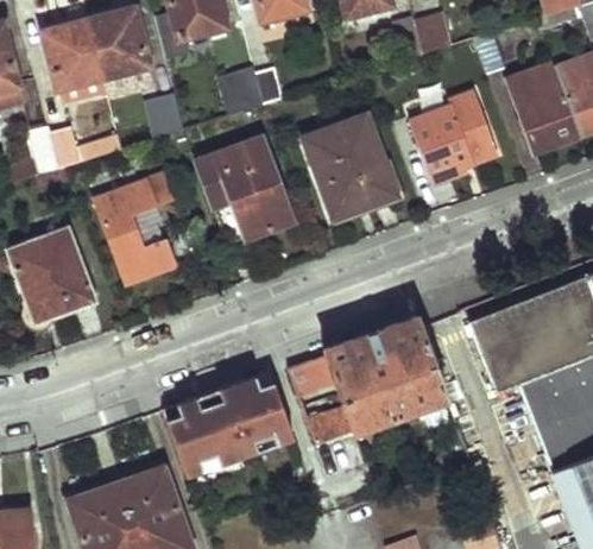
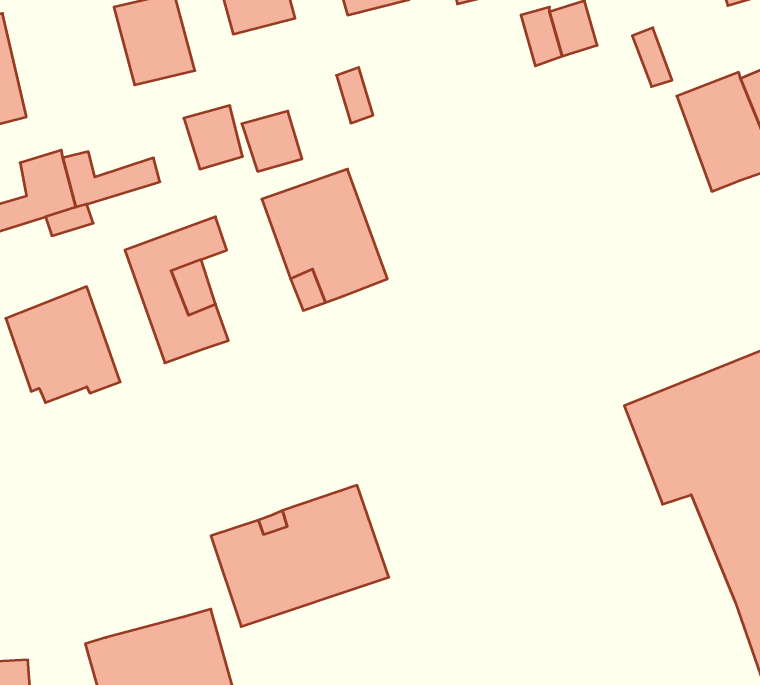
building: [42,18,103,87] -> none
building: [220,69,265,114] -> [242,111,302,171]
building: [409,94,498,187] -> none
building: [304,115,396,208] -> none
building: [288,314,449,442] -> none

